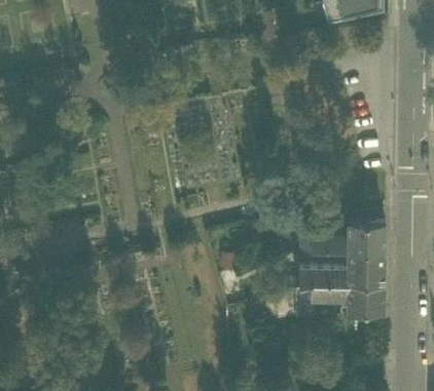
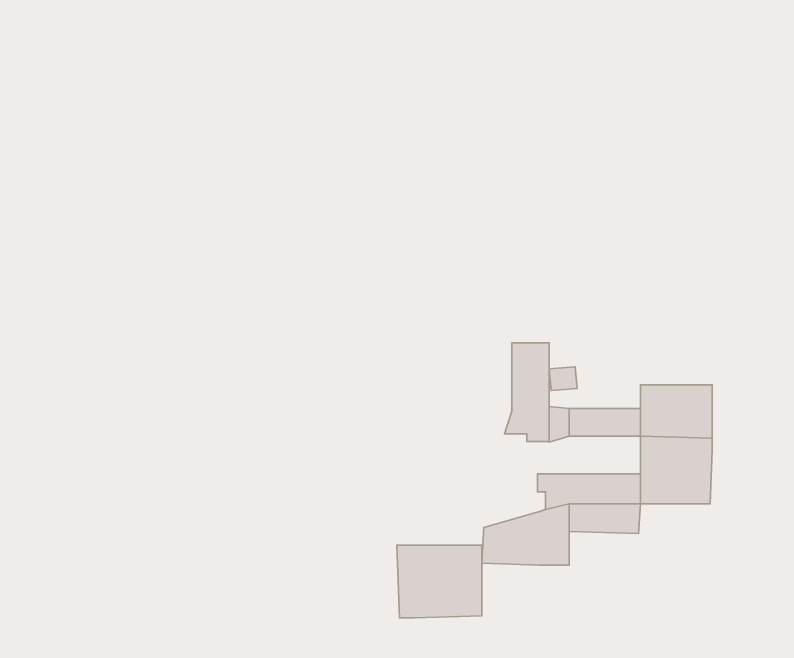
building: none -> [504,343,549,442]
building: [349,286,386,314] -> none
building: none -> [397,545,482,618]

